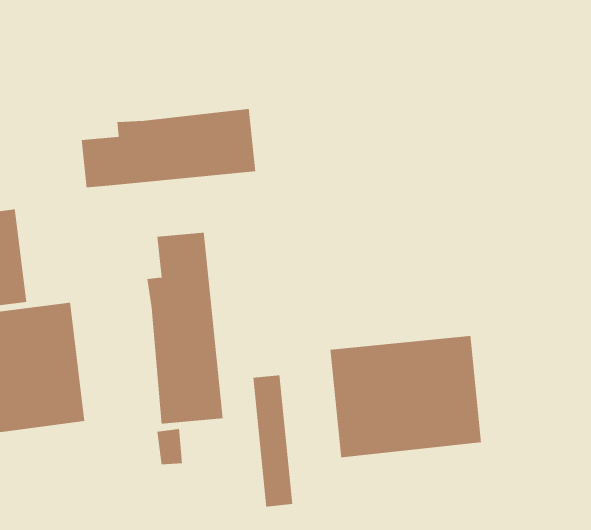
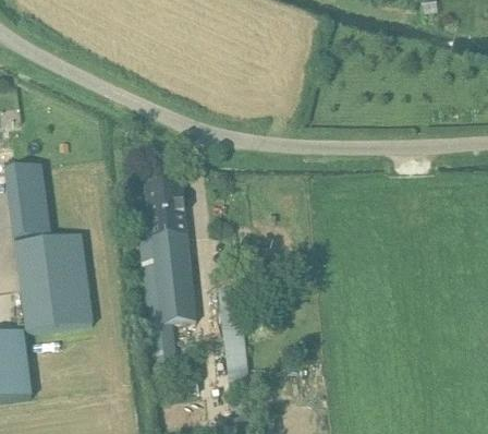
building: [81,108,256,188] -> none
building: [330,335,481,458] -> none

